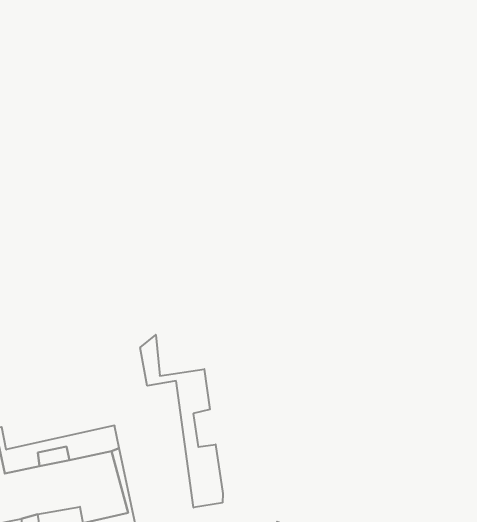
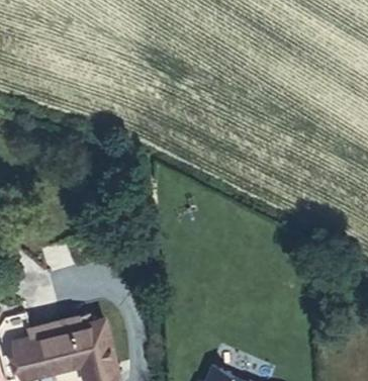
building: [140,335,223,508] -> none

